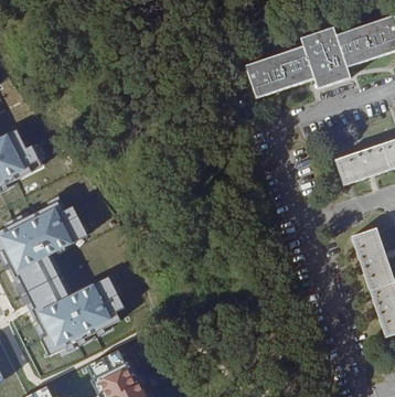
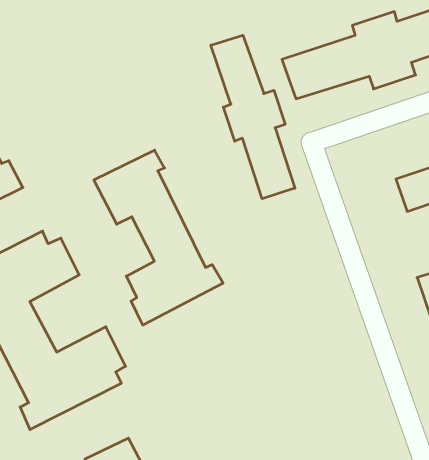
building: none -> [211,35,295,199]
building: none -> [94,150,223,325]

